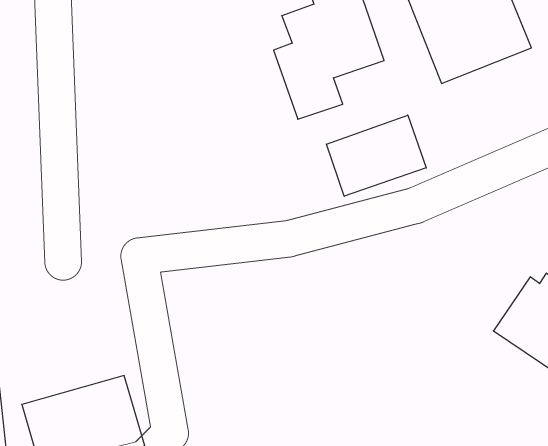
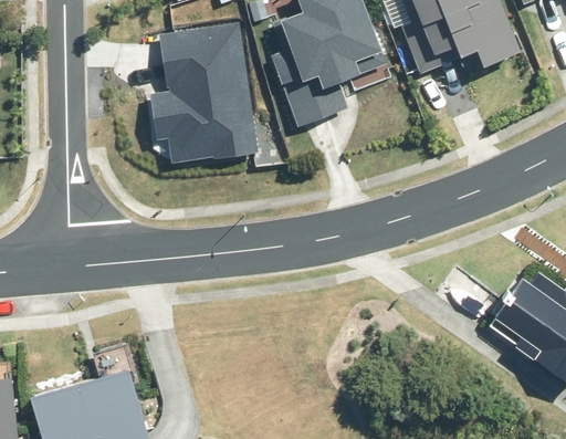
building: none -> [150,21,256,161]
building: [326,115,426,196] -> none

